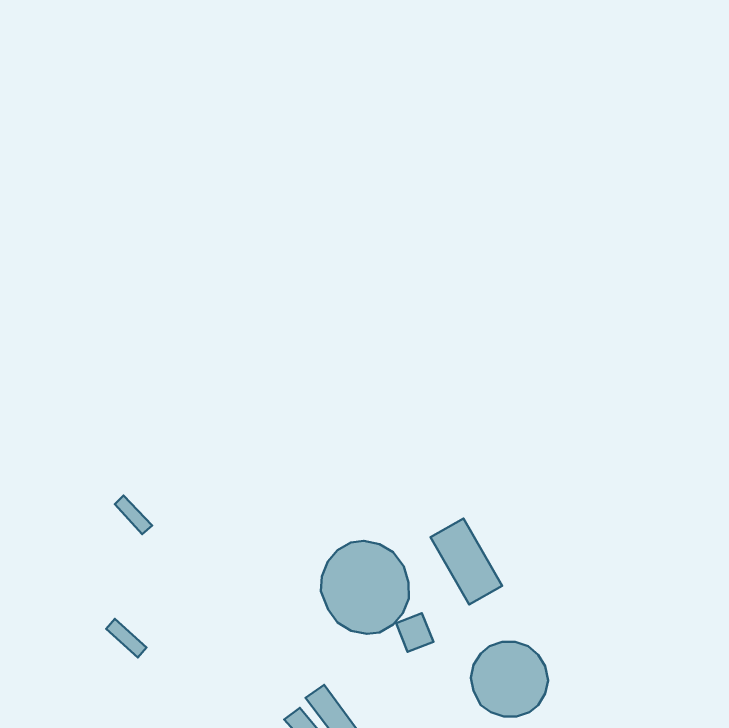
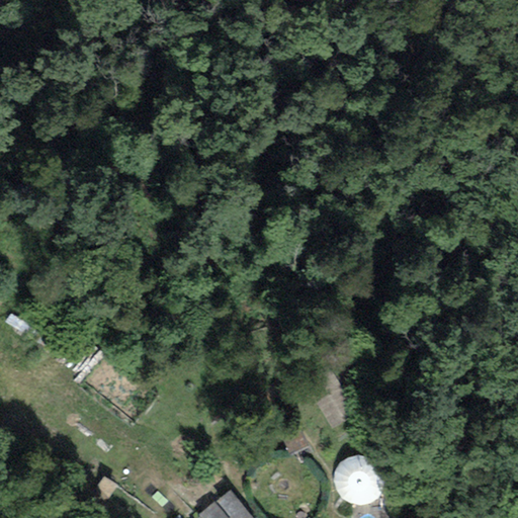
building: [321,541,409,634] -> none

